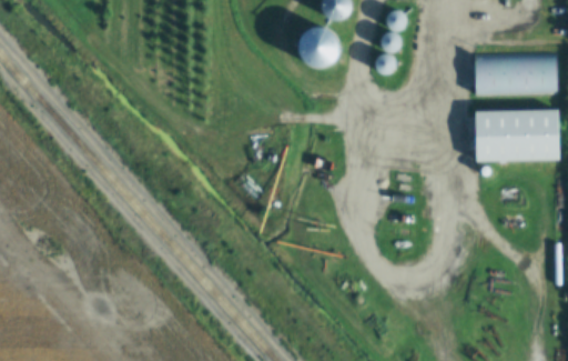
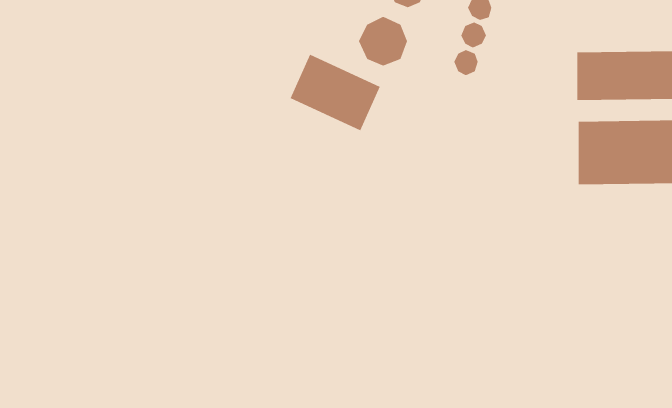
building: none -> [290,54,380,131]

